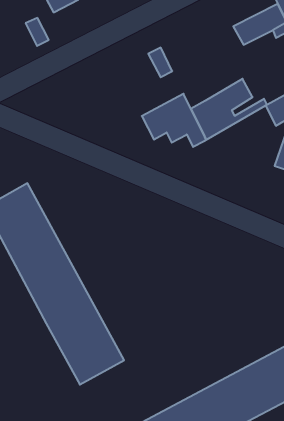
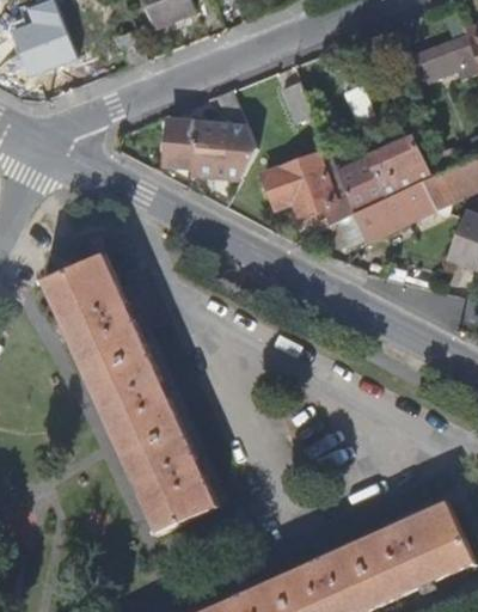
building: none -> [166,91,257,182]
building: none -> [351,173,451,243]

